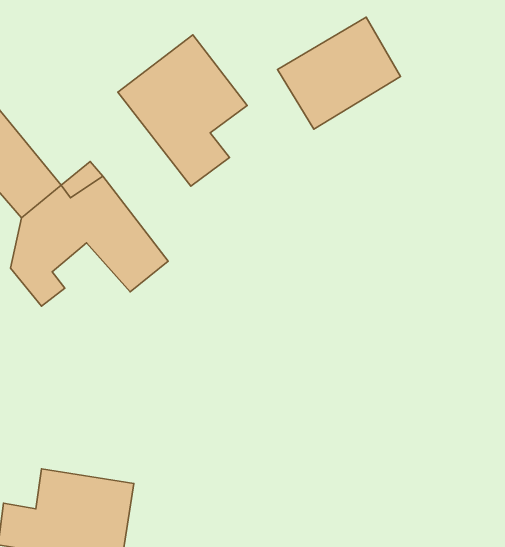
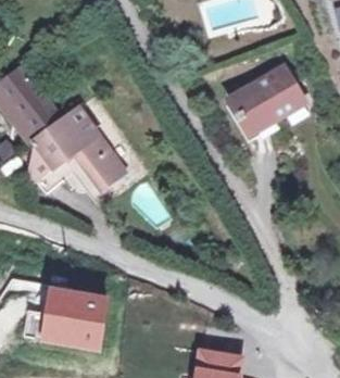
building: [277,17,401,129] -> [232,64,306,131]
building: [118,35,247,186] -> none

